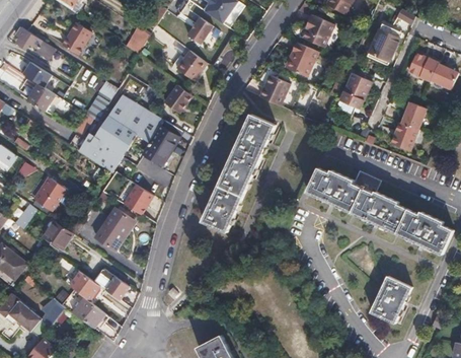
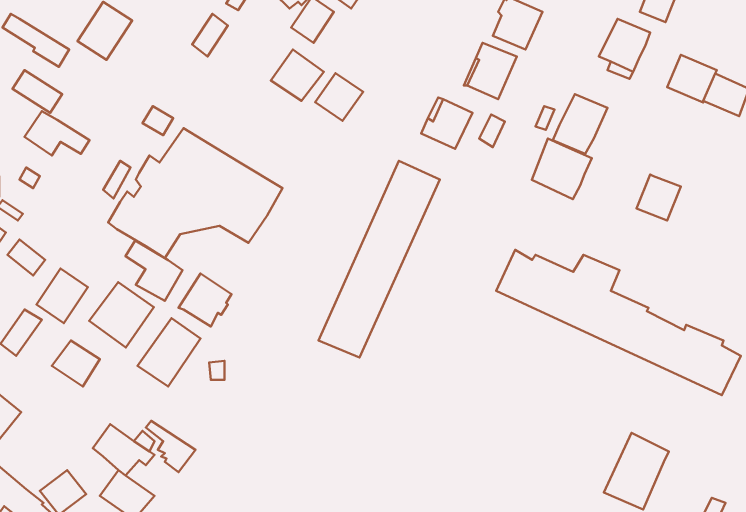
building: [163,82,191,111] -> [315,73,363,121]
building: none -> [532,139,592,199]
building: [401,101,427,130] -> none
building: none -> [126,240,183,301]
building: none -> [89,282,154,348]

